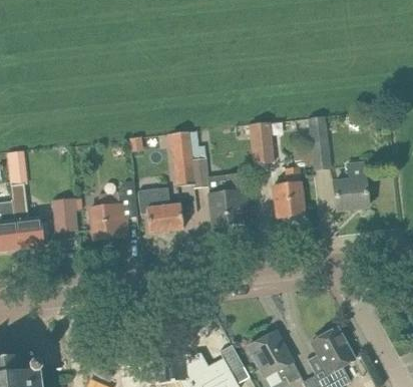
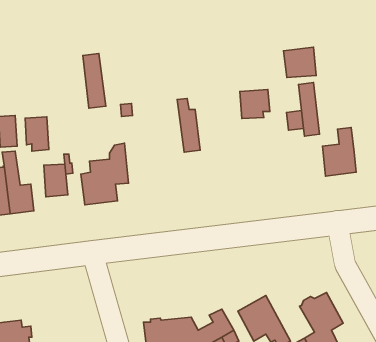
building: none -> [284,47,316,77]
building: [170,133,193,188] -> [83,54,106,108]
building: none -> [25,117,49,151]
building: [272,166,304,218] -> none
building: [209,174,247,226] -> none
building: [137,187,182,233] -> none

